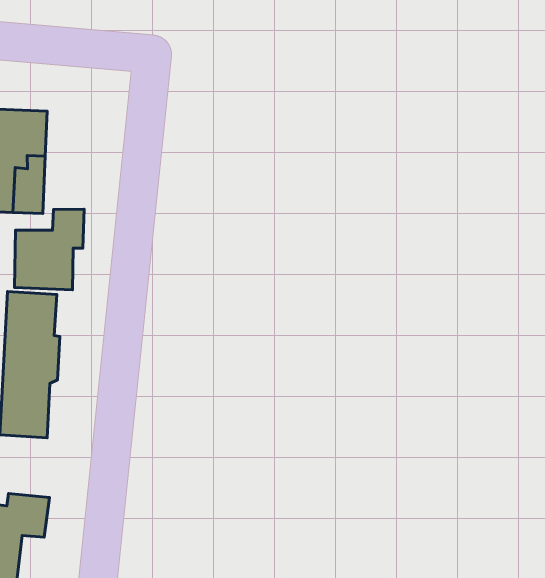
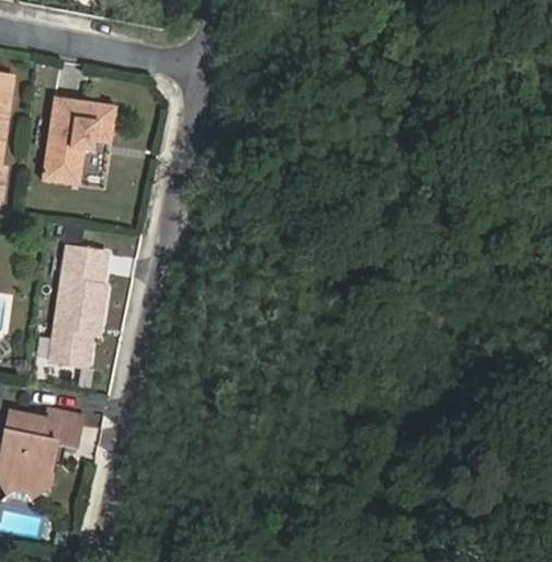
building: [15,209,84,290] -> none

